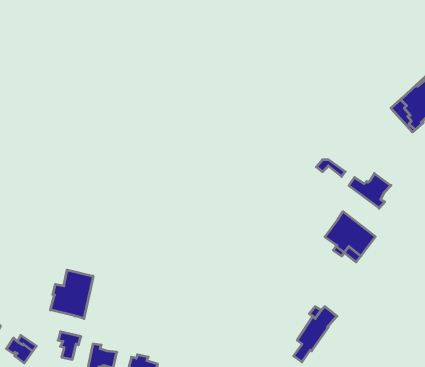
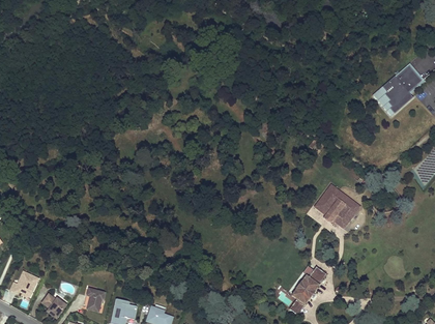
building: [349,173,391,208] -> none
building: [50,270,93,319] -> none

